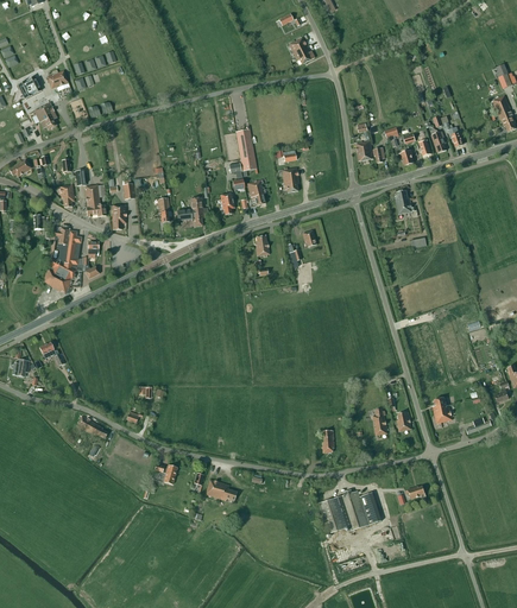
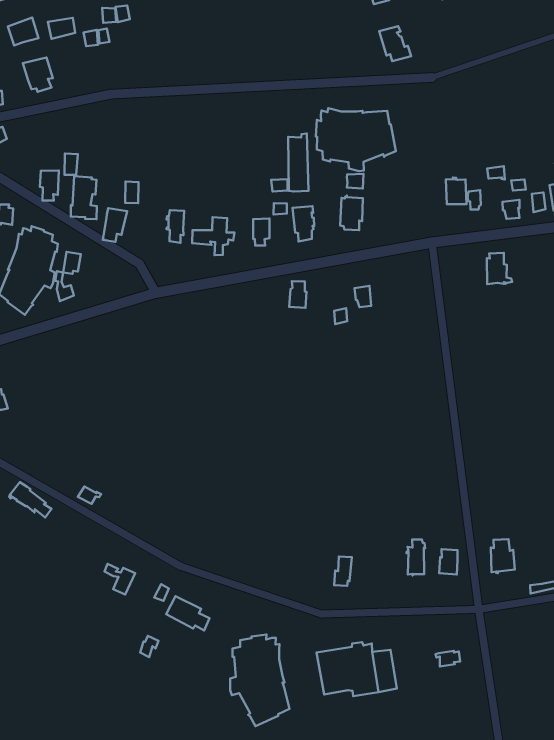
building: none -> [316,108,396,171]
building: none -> [230,635,290,726]

